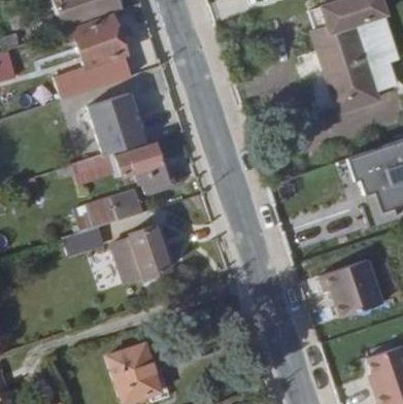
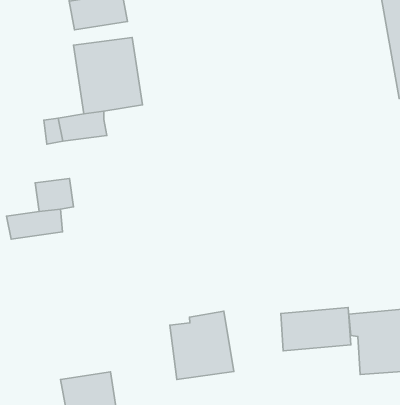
building: [116,145,176,191] -> none
building: [98,192,143,225] -> none
building: [117,230,170,285] -> [170,311,234,379]
building: none -> [281,308,351,351]

